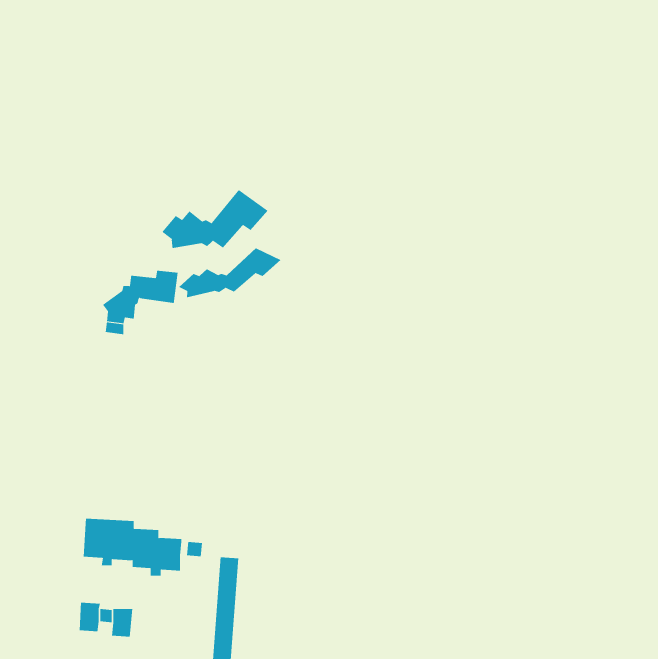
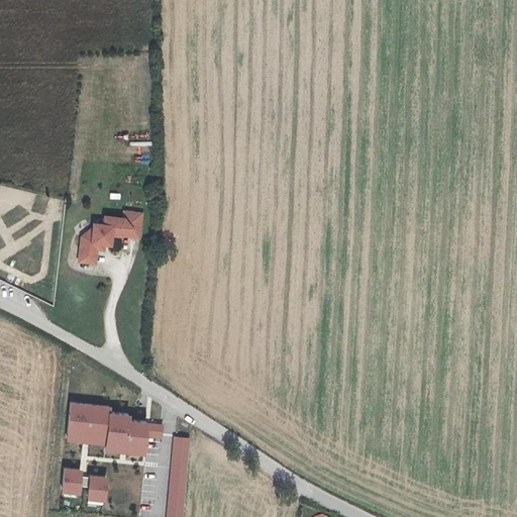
building: [161,189,268,249] -> none
building: [178,248,281,298] -> none

